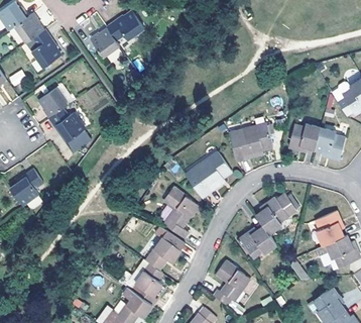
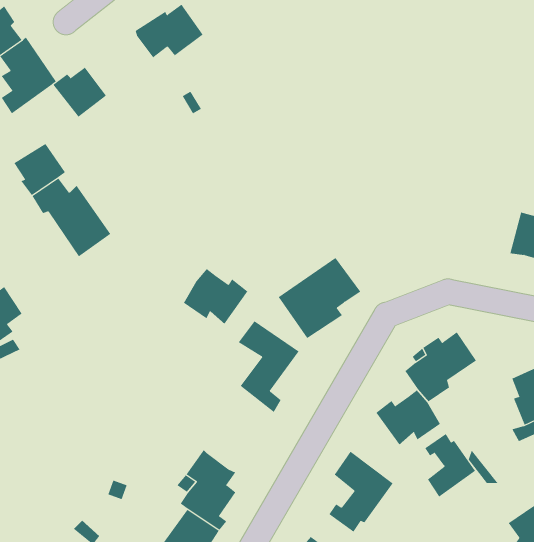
building: [89,29,119,58] -> [53,67,107,117]
building: [288,123,321,150] -> none
building: [229,124,274,160] -> none
building: none -> [183,268,248,324]
building: [146,233,183,271] -> none
building: none -> [425,433,476,497]

